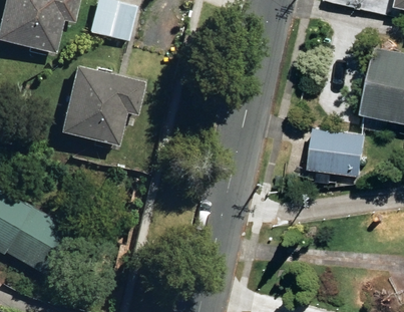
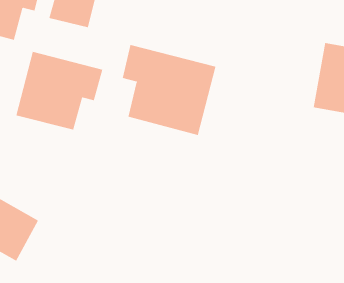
building: none -> [122,44,216,136]
building: [309,132,366,187] -> none

